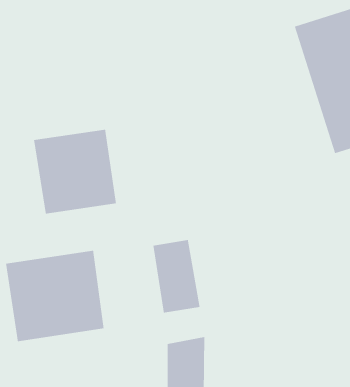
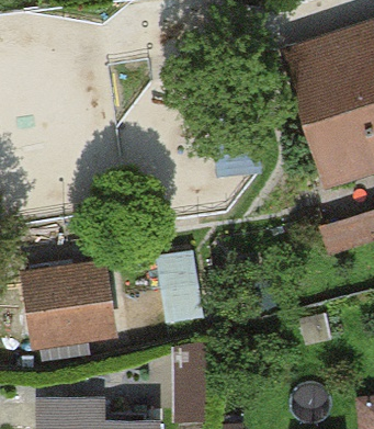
building: [33,129,117,214] -> none

